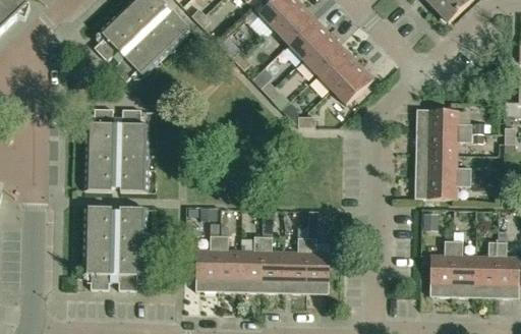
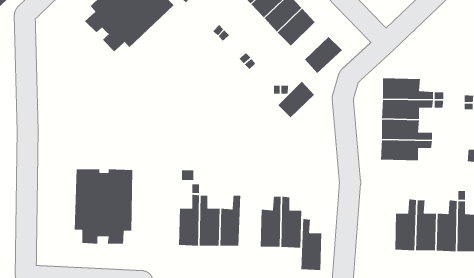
building: [317,48,358,89] -> [277,81,315,118]
building: [84,108,149,191] -> none
building: [262,235,285,292] -> [301,218,322,271]

